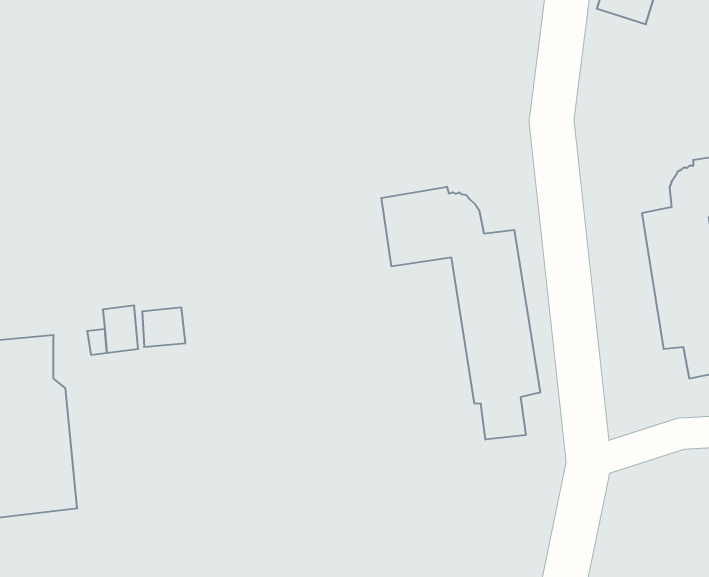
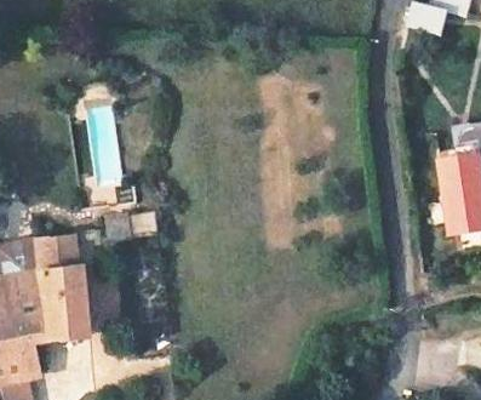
building: [381,187,540,440] -> none

